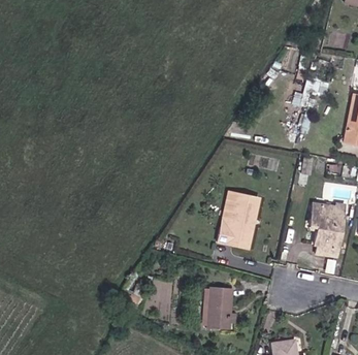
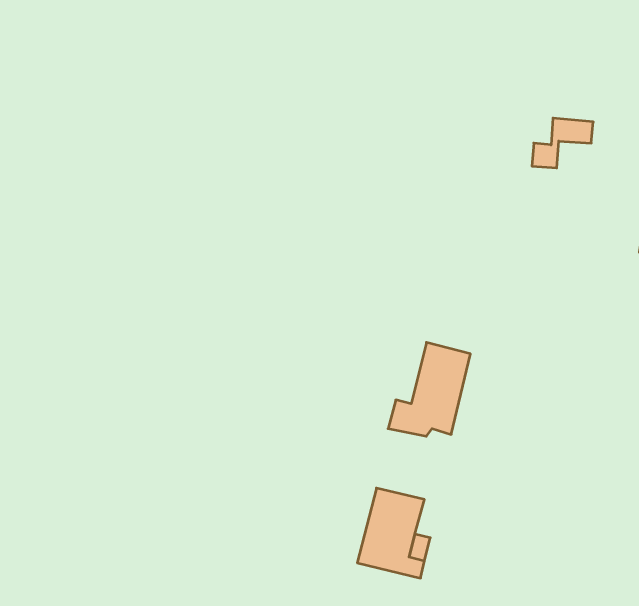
building: [308,198,343,257] -> none

